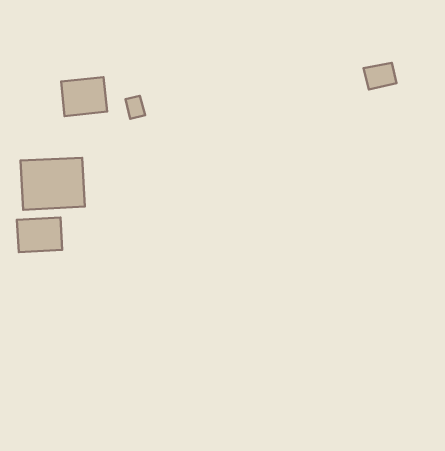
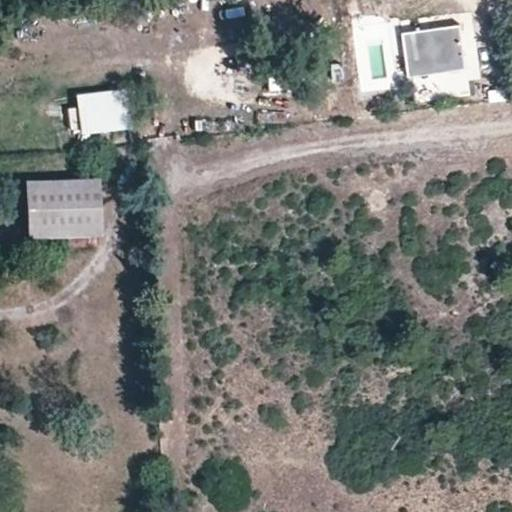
building: none -> [402,22,458,75]
building: [17,218,62,252] -> none

